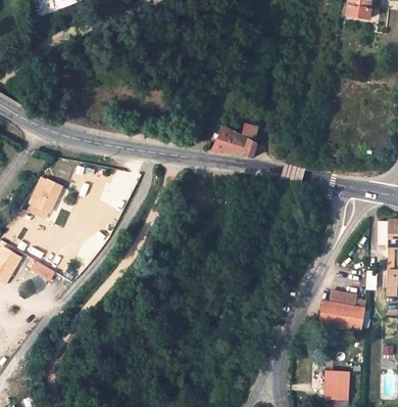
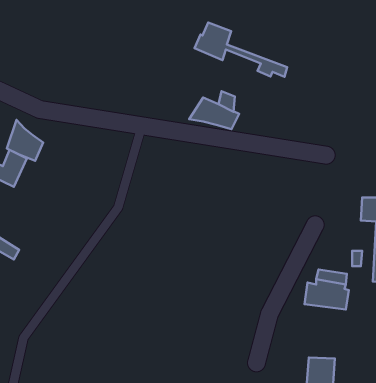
building: none -> [194,23,287,77]
building: none -> [7,120,43,161]

